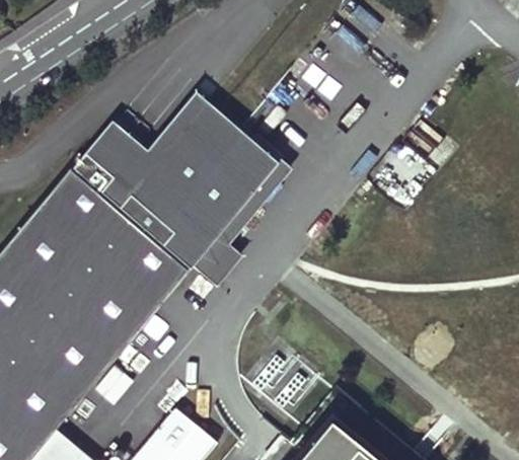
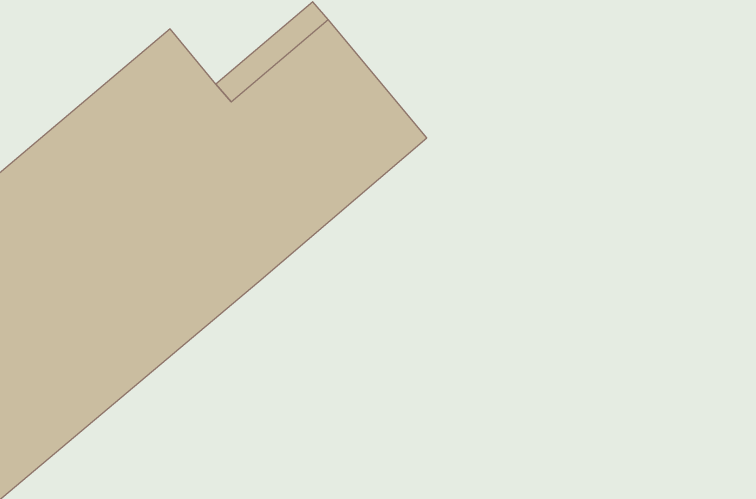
building: [192,161,290,287] -> none

